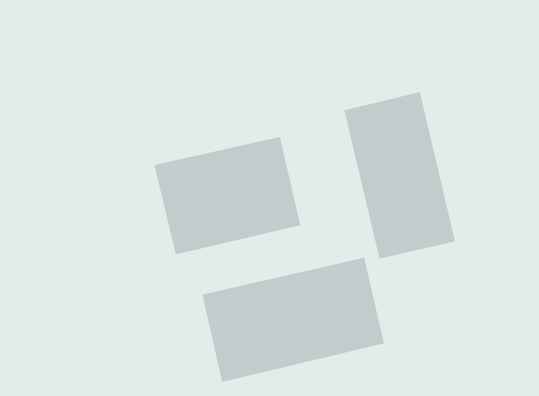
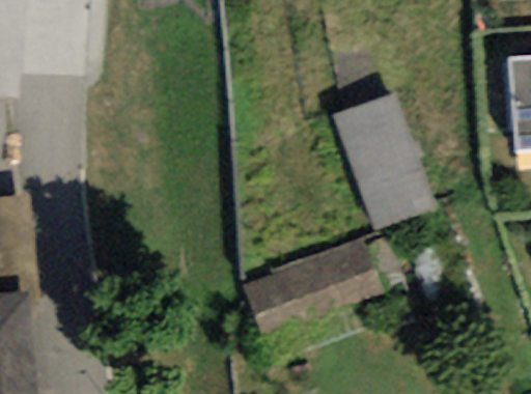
building: [154,136,301,255] -> none

